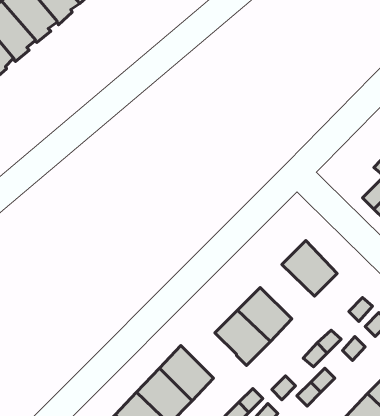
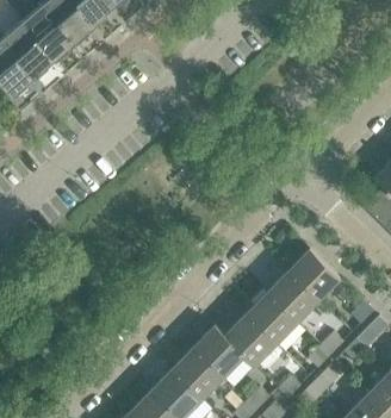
building: none -> [267,272,318,323]
building: none -> [192,326,244,379]

